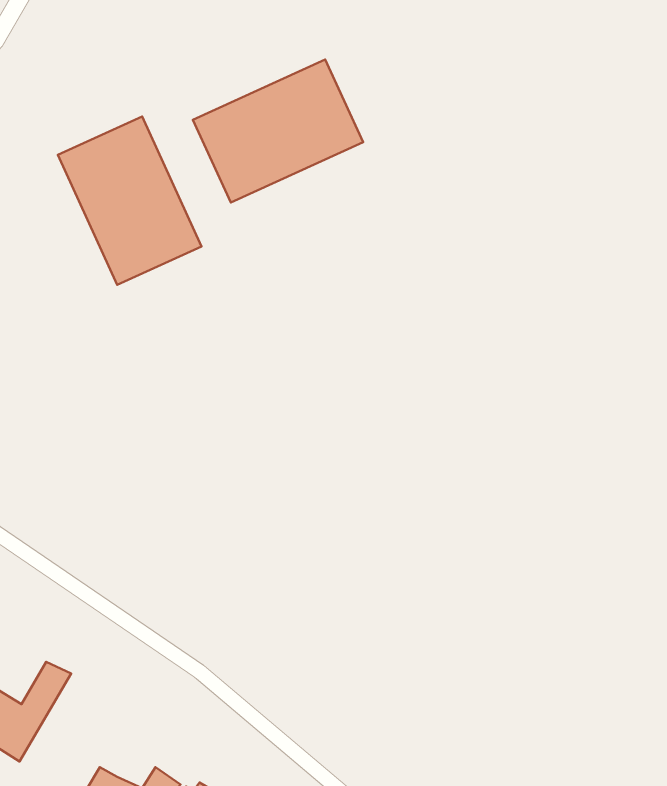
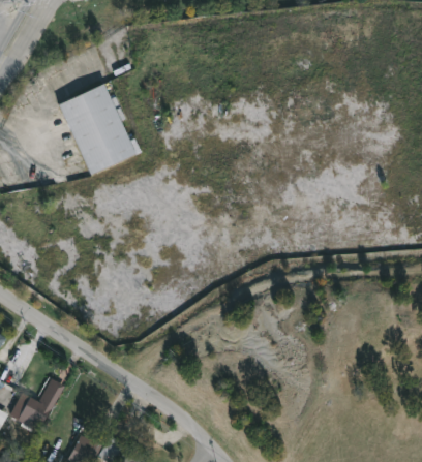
building: [193,59,363,203] -> none

